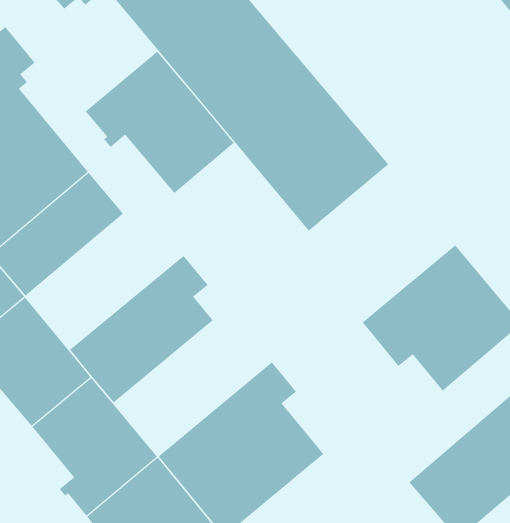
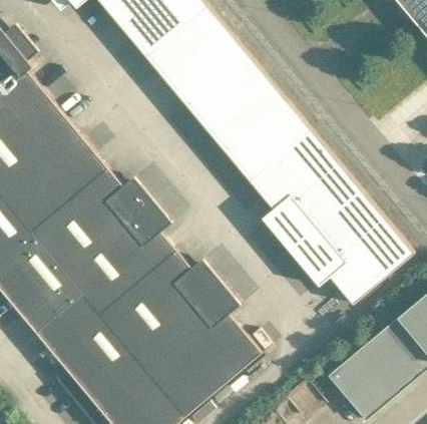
building: [85,51,234,194] -> none
building: none -> [250,129,363,252]
building: none -> [31,167,153,273]
building: none -> [99,250,222,355]

